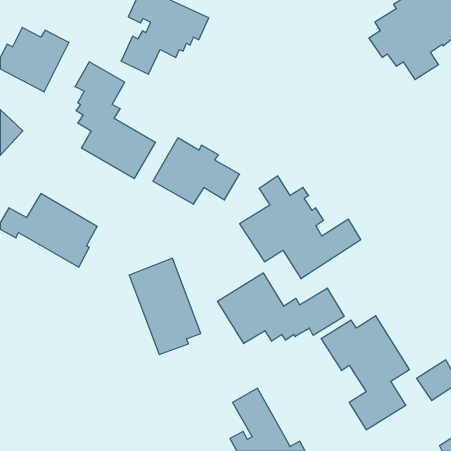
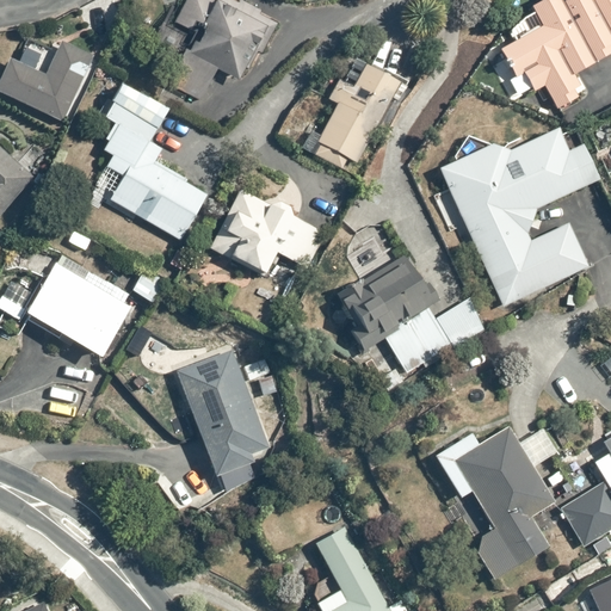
building: none -> [315,66,413,168]
building: none -> [439,129,598,309]
building: [218,273,344,344] -> none

